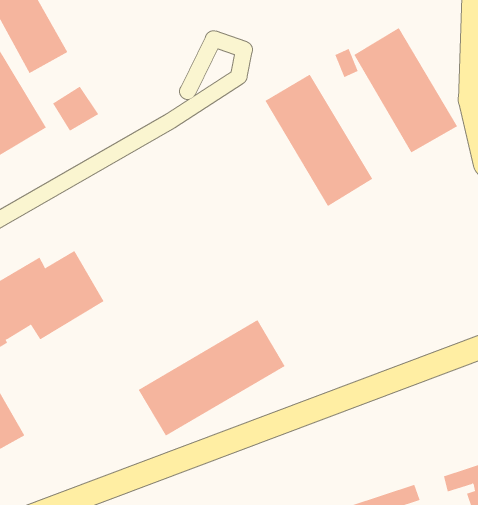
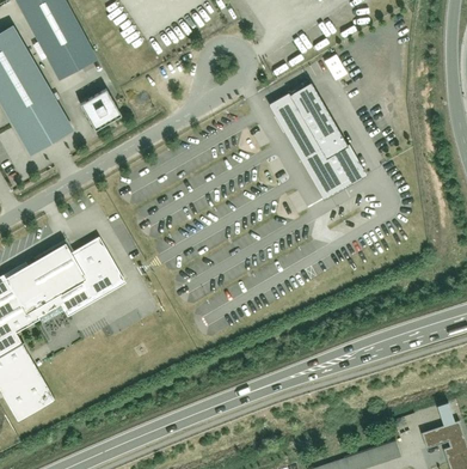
building: [353,27,458,153] -> none
building: [138,319,286,437] -> none

